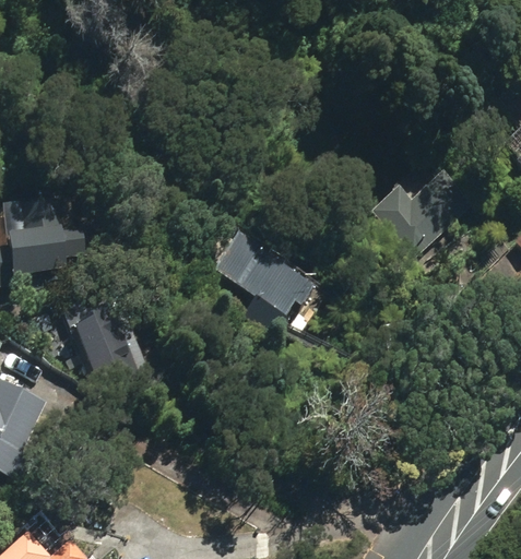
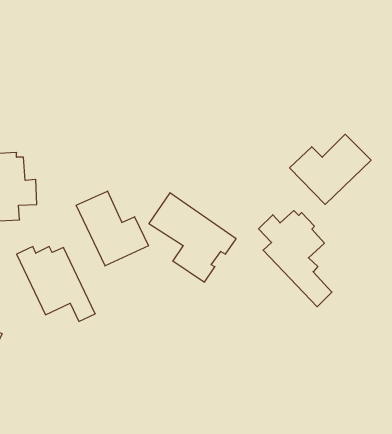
building: none -> [76,191,148,266]
building: none -> [259,211,332,307]

